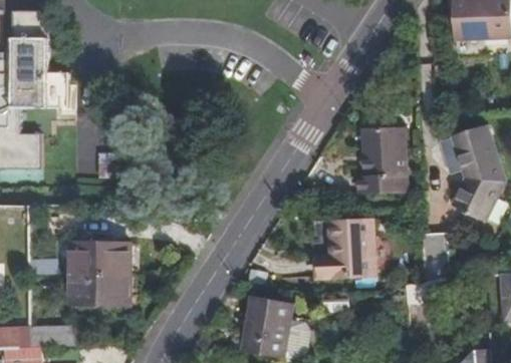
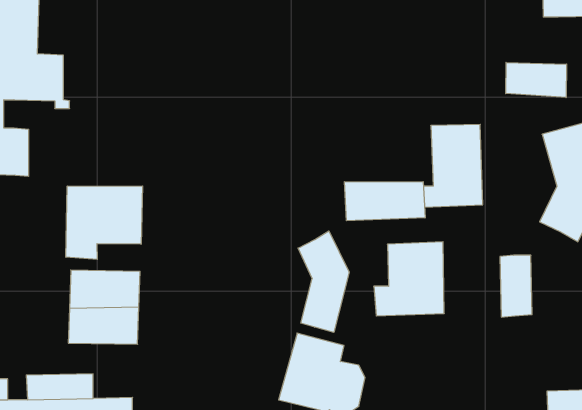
building: none -> [506,62,567,98]
building: none -> [344,182,425,221]
building: none -> [66,186,143,259]
building: none -> [298,231,349,332]

